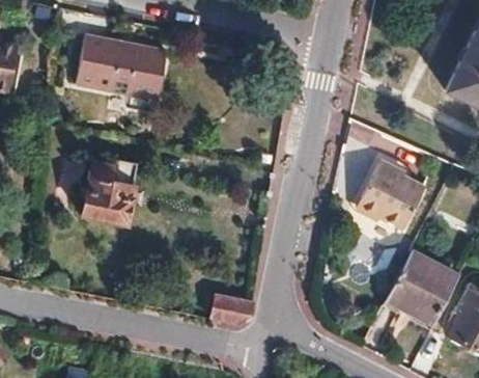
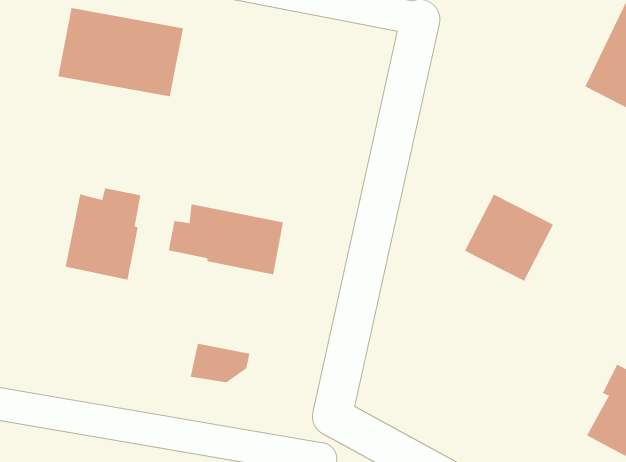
building: none -> [168,203,284,275]
building: [381,252,457,331] -> none
building: [209,296,252,324] -> [190,343,250,383]

